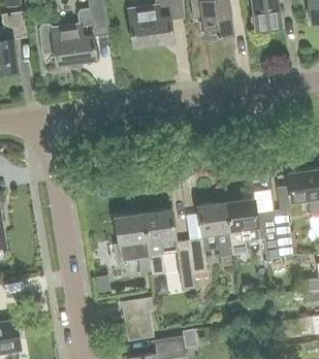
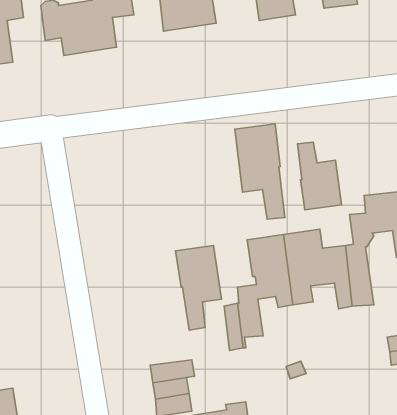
building: none -> [235,124,285,219]
building: none -> [297,142,341,210]
building: [114,215,152,273] -> none

